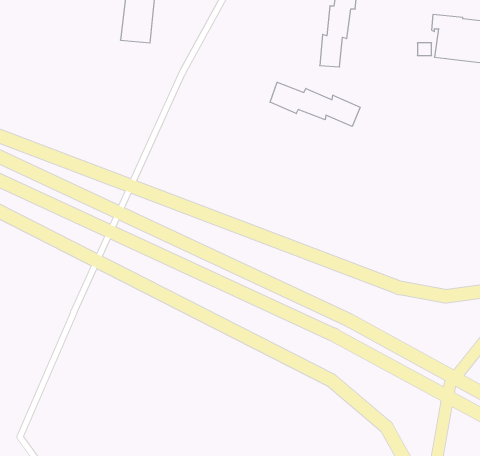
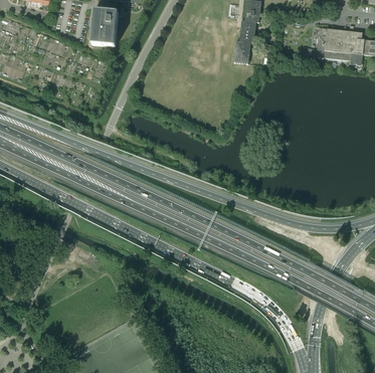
building: [270,82,360,126] -> none

